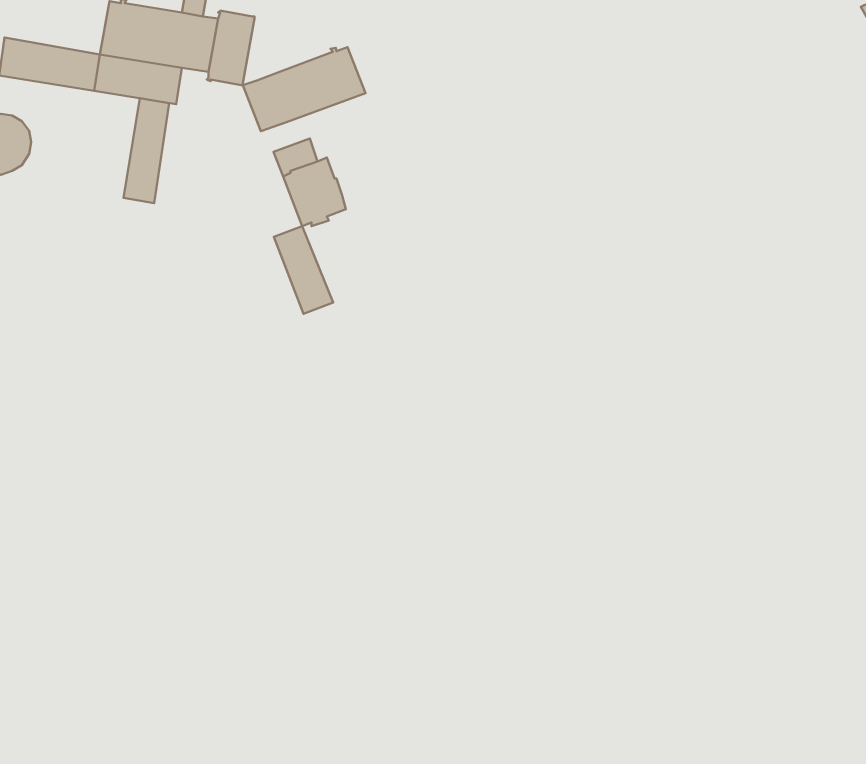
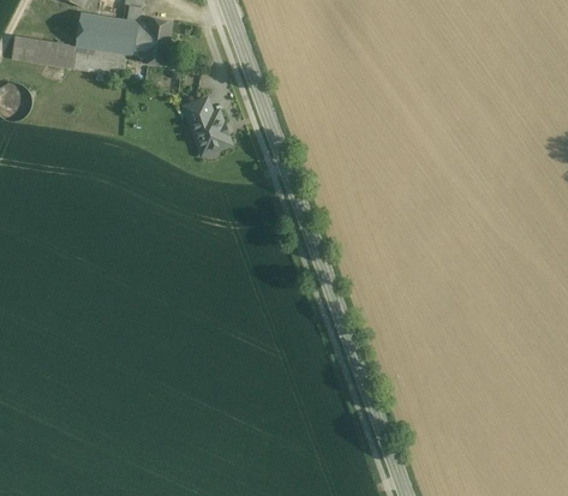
building: [243,47,365,131] -> none
building: [123,98,169,203] -> none
building: [274,226,333,314] -> none

